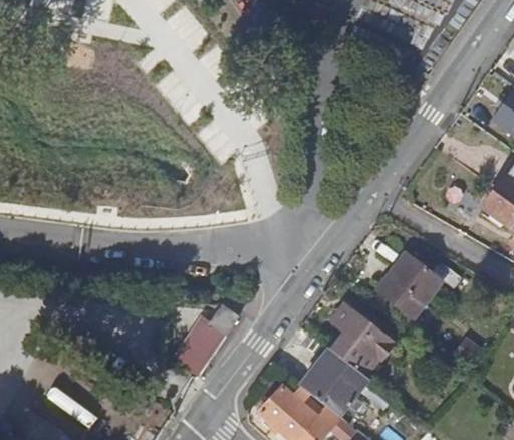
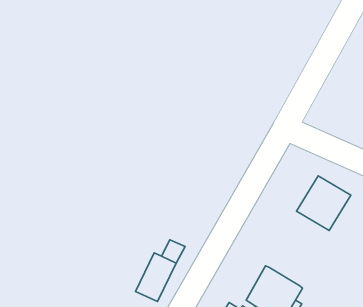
building: [332,307,395,377] -> none

